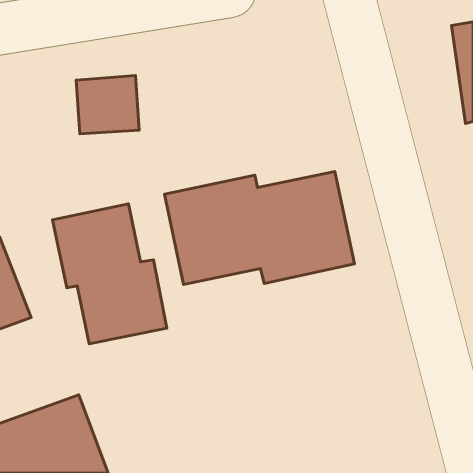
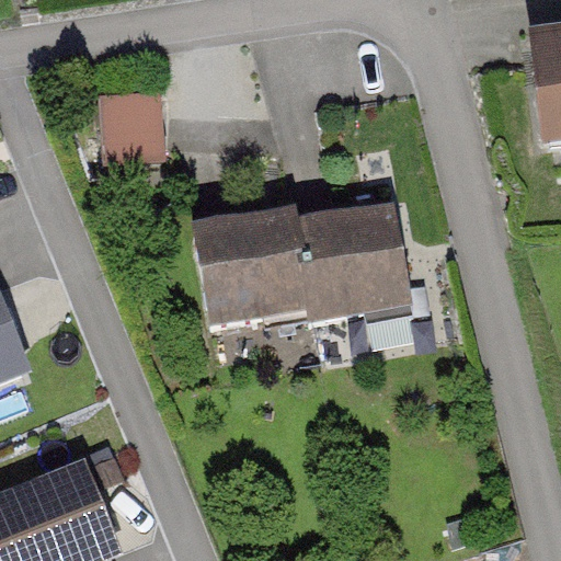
building: [53,204,167,344] -> none

